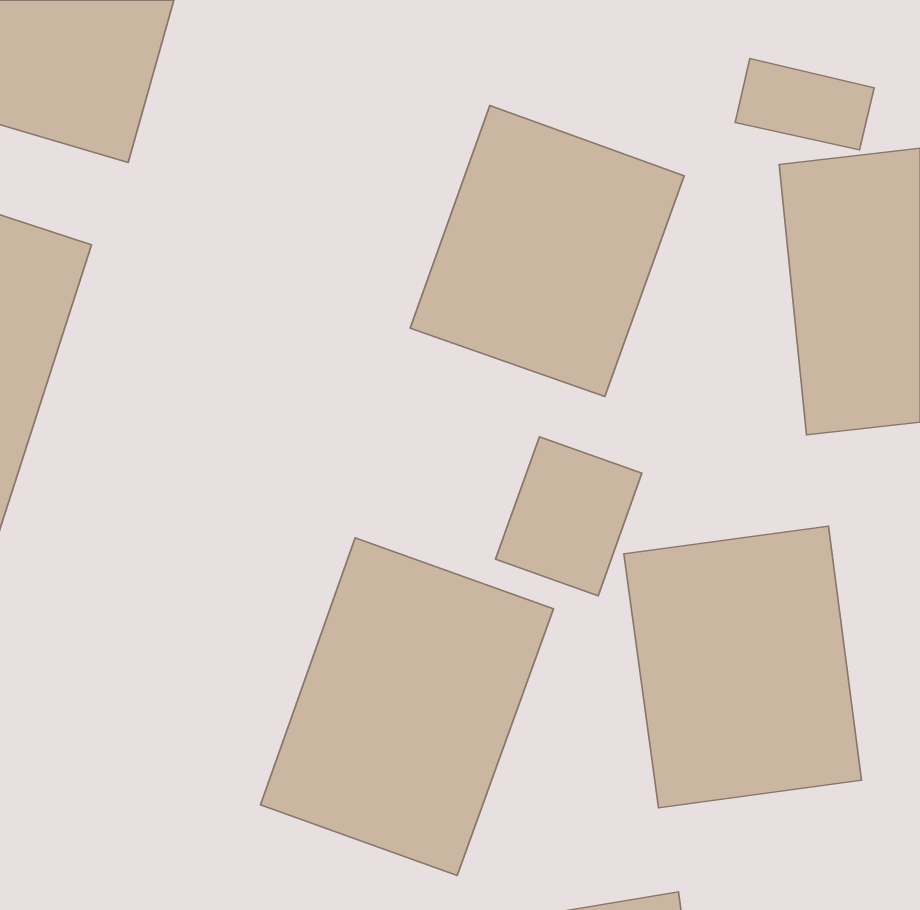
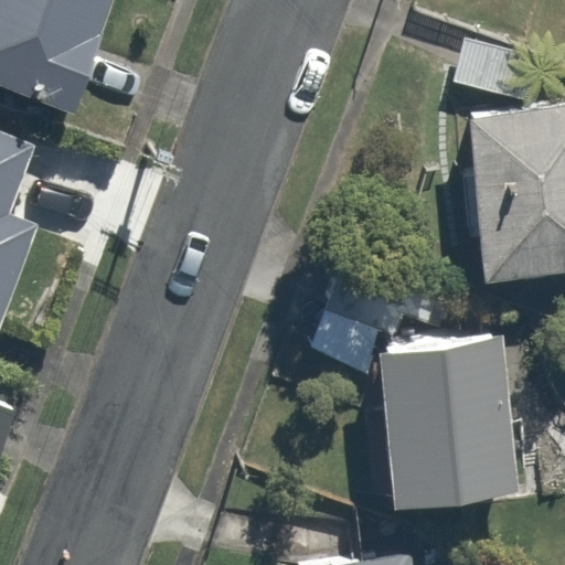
building: [410,106,684,397] -> none
building: [261,538,554,876] -> none

